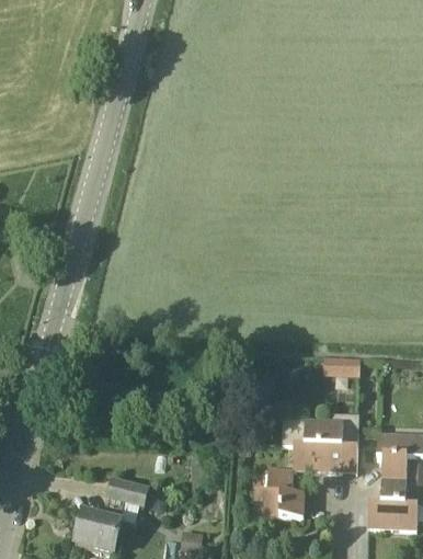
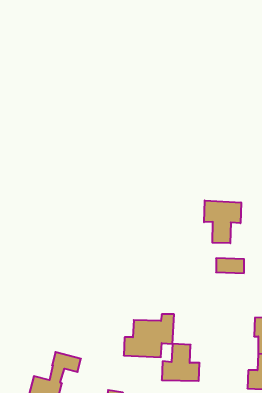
building: none -> [204,200,241,243]
building: [293,413,359,470] -> [124,314,174,357]

